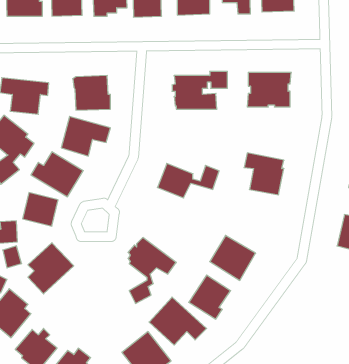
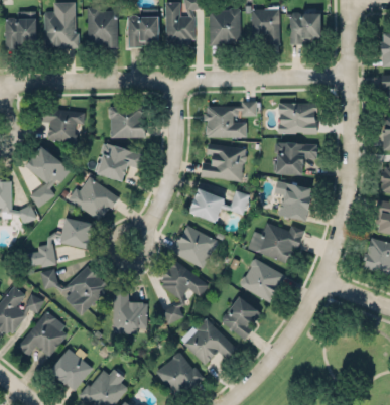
building: none -> [275,143,317,175]
building: none -> [201,145,245,181]
building: none -> [247,222,304,263]
building: none -> [171,224,218,267]
building: none -> [113,289,147,333]

